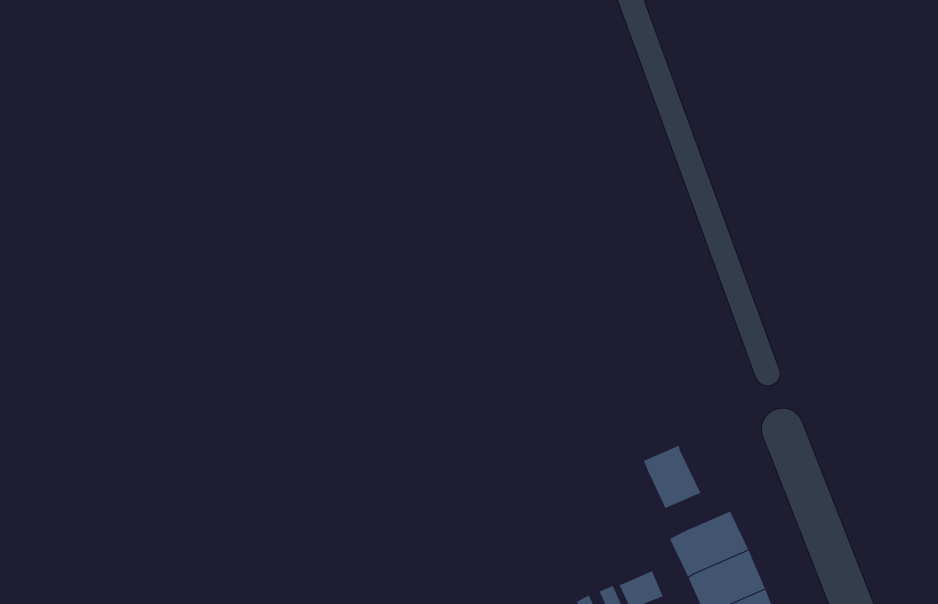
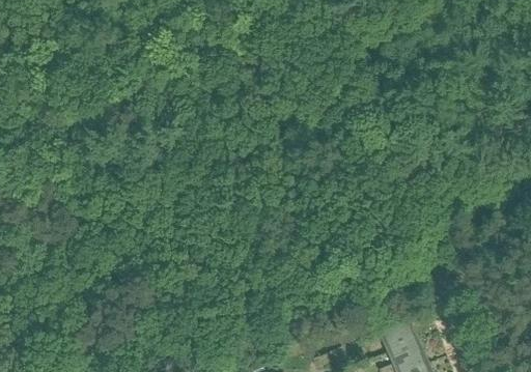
building: [643,445,701,509] -> none

